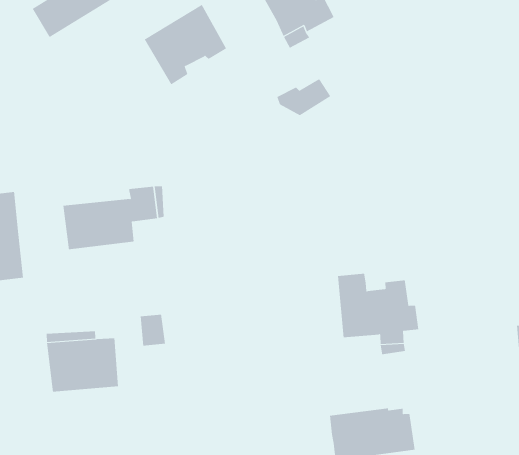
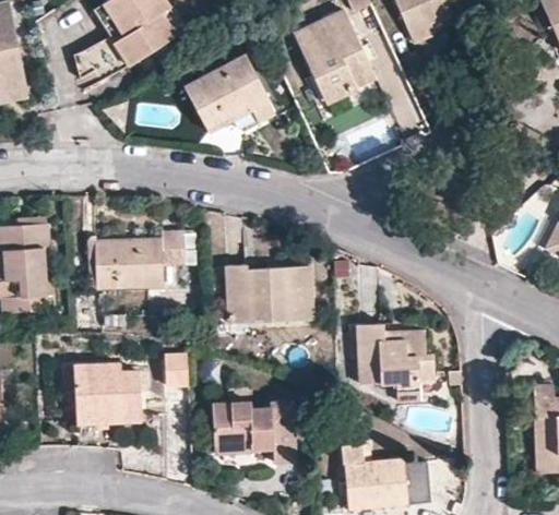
building: [277,79,331,116] -> [224,97,277,132]
building: none -> [230,267,313,325]
building: none -> [213,400,296,457]

